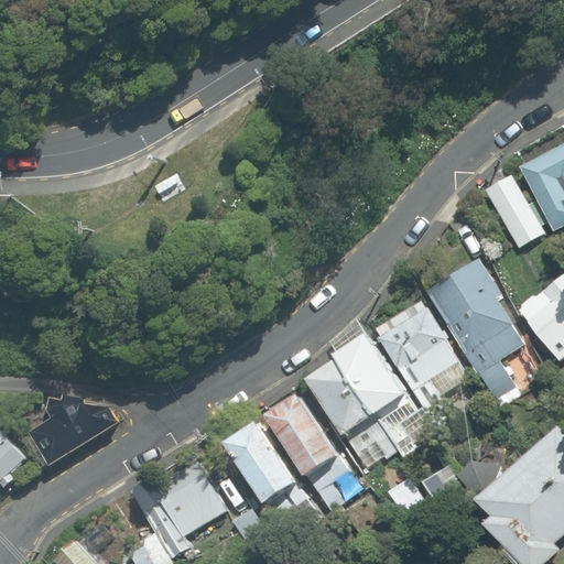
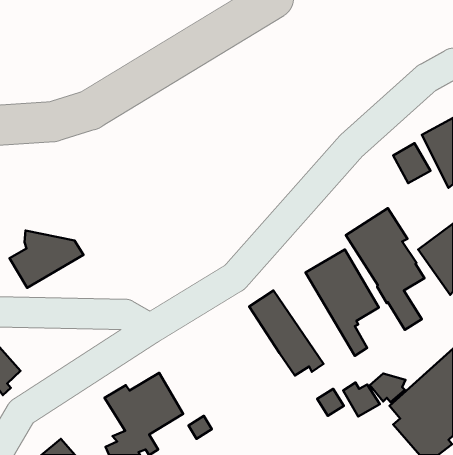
building: [328,316,423,448] -> none
building: [264,390,349,518] -> none
building: [28,395,119,466] -> [9,231,84,288]
building: [226,423,307,539] -> none

